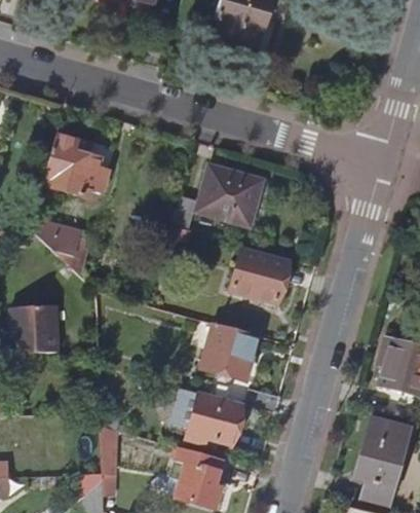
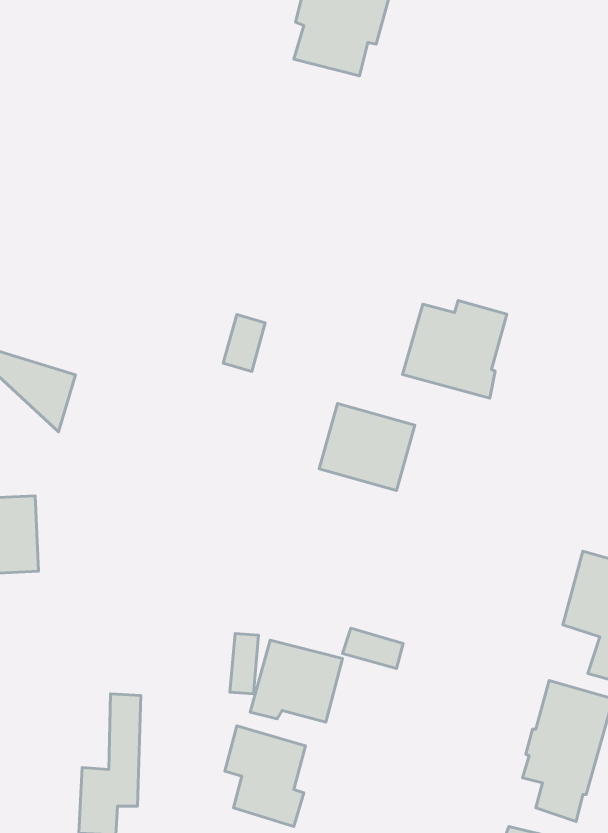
building: [43,131,109,196] -> none
building: [197,164,261,224] -> [403,301,507,398]
building: [202,323,258,379] -> none

